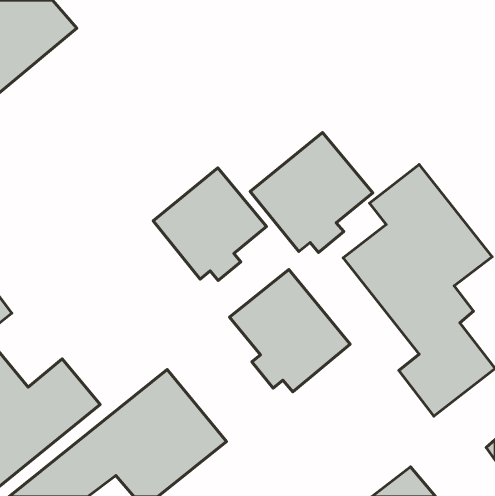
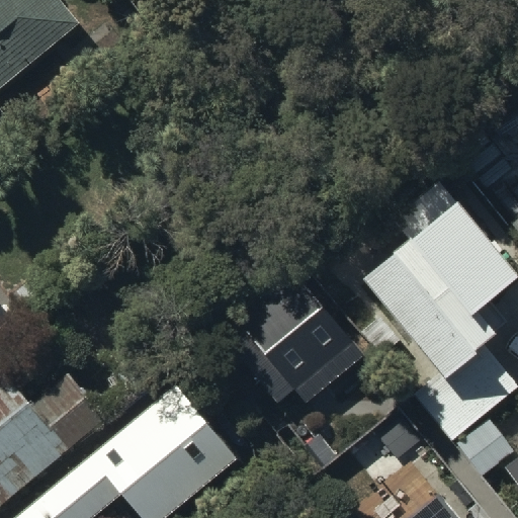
building: [250,132,373,252] -> none
building: [153,168,267,281] -> none

